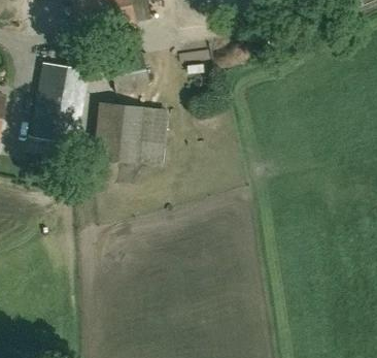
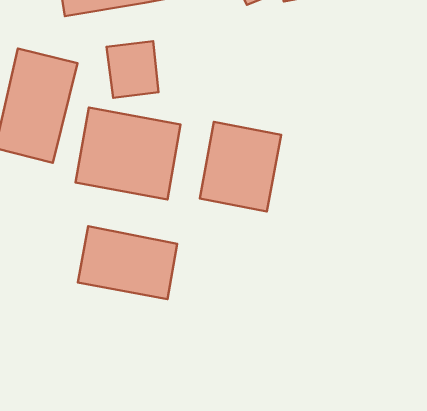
building: none -> [200,122,281,211]
building: none -> [78,226,177,299]

